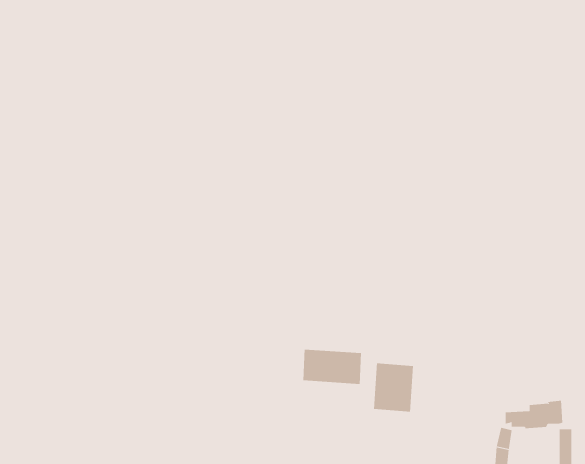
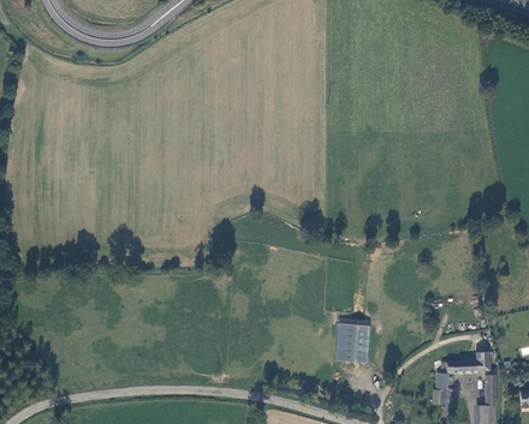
building: [303,349,362,385] -> none

